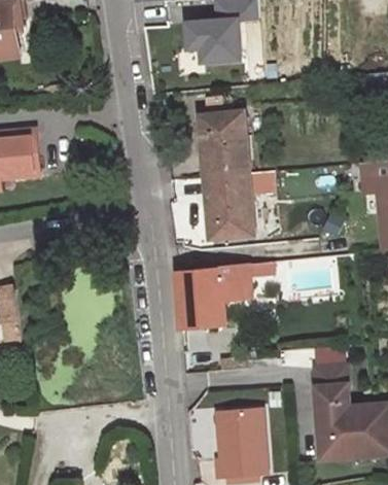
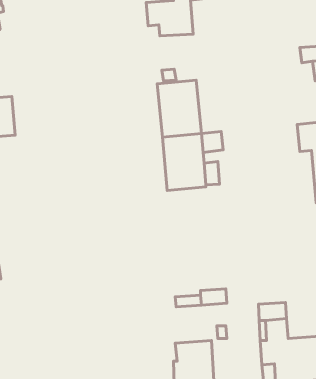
building: [178,263,273,328] -> none

